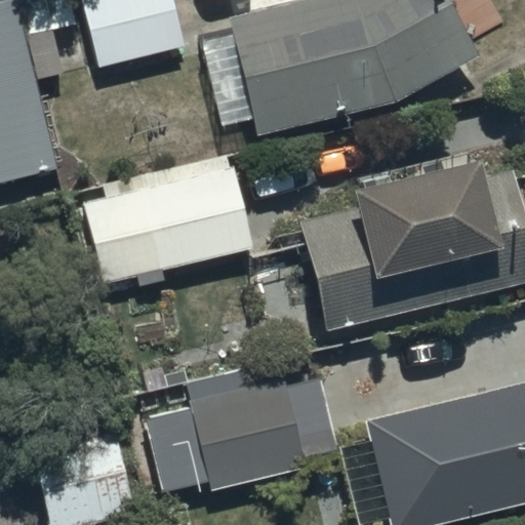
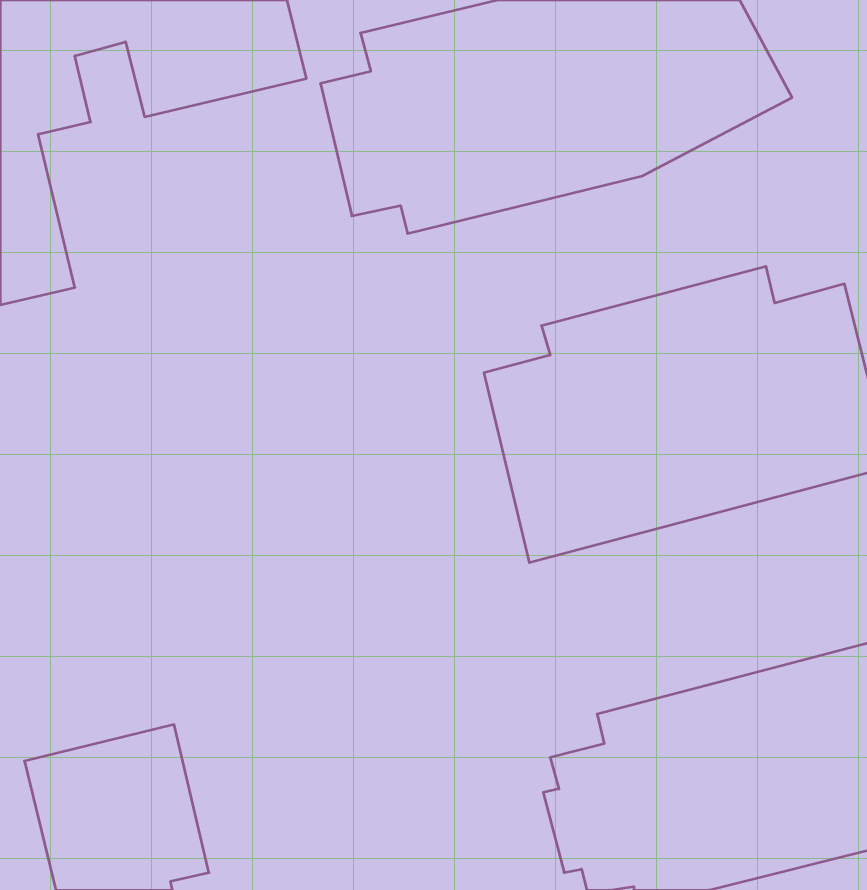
building: [78,155,253,286] -> none
building: [185,361,312,493] -> none

